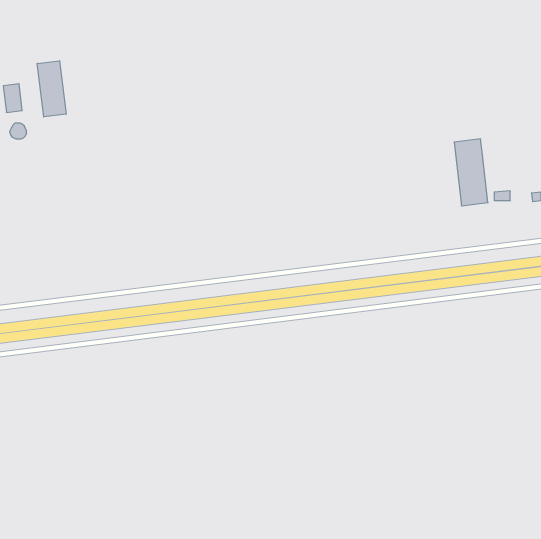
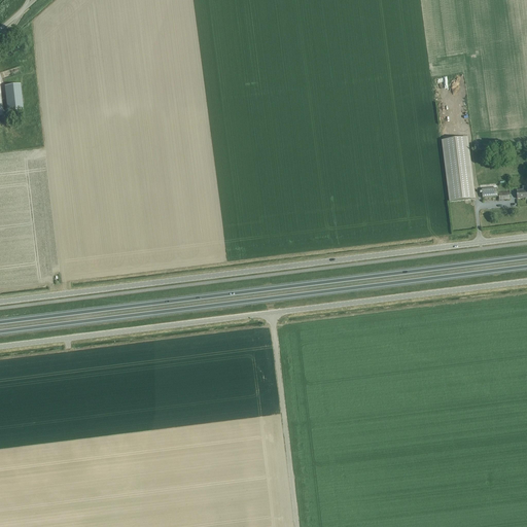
building: [37,61,66,117] -> none

